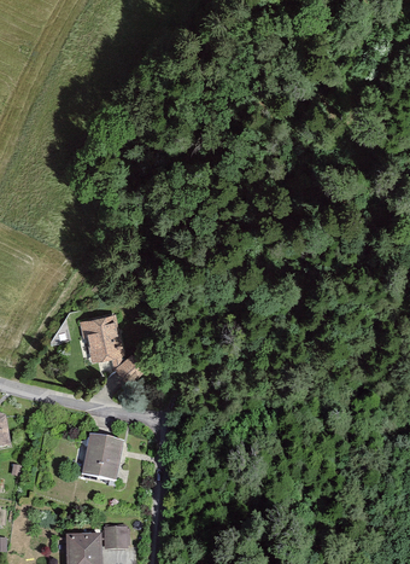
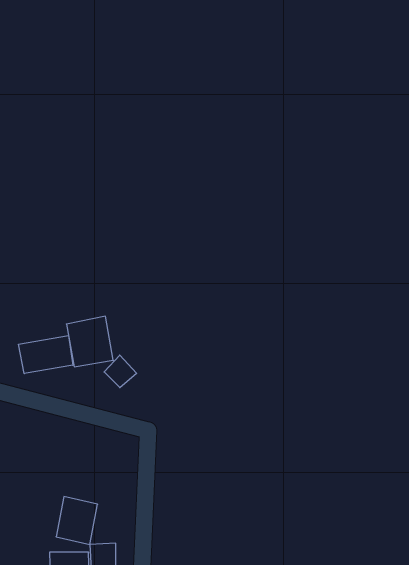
building: none -> [19,335,73,374]
building: [86,435,124,479] -> [56,497,98,544]

